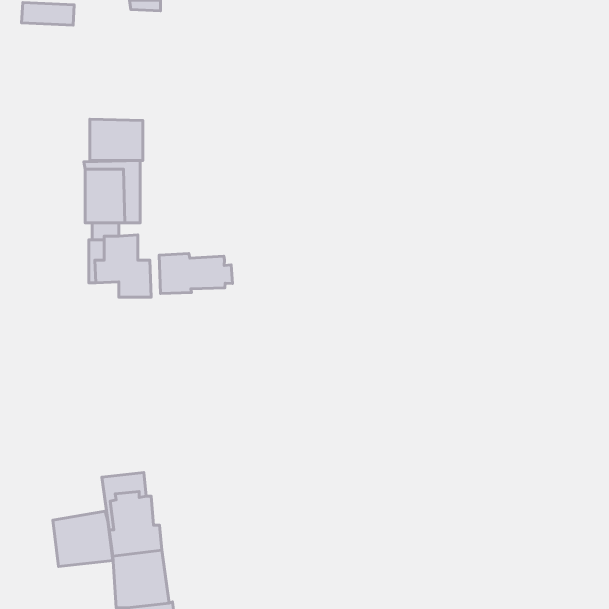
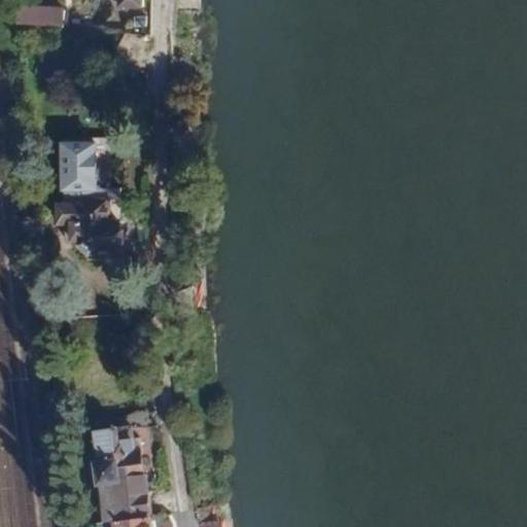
building: [90,119,143,161] -> none
building: [159,254,232,293] -> none
building: [53,511,113,567] -> none

